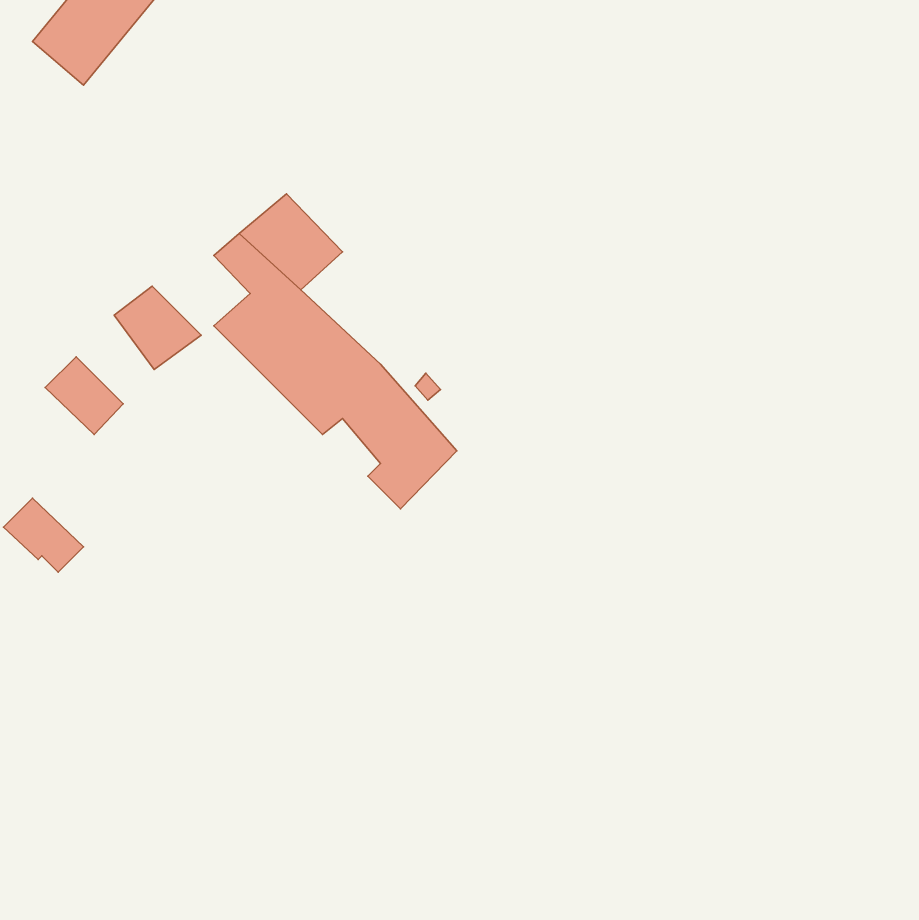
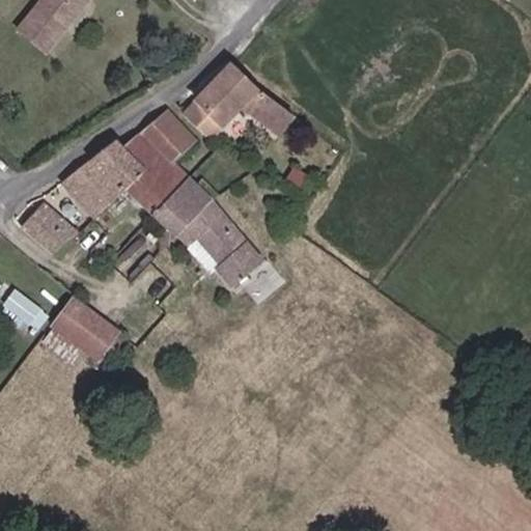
building: none -> [181,59,292,135]
building: none -> [87,141,143,192]
building: none -> [43,295,117,362]

